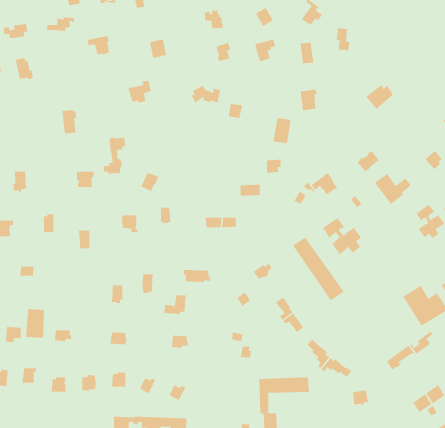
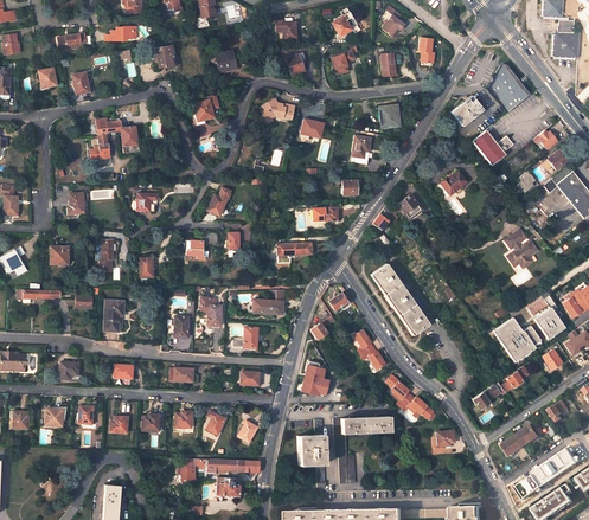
building: none -> [489,64,531,113]
building: [103,137,126,174] -> [91,118,116,159]
building: [374,173,411,205] -> [473,130,513,165]
building: [322,217,362,255] -> none
building: [25,309,45,338] -> [103,300,124,332]
building: none -> [299,418,326,464]

